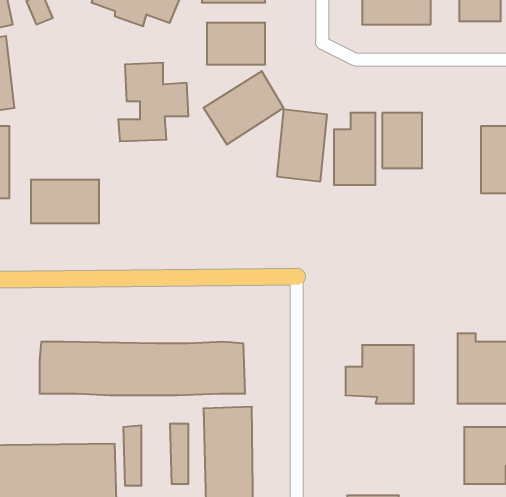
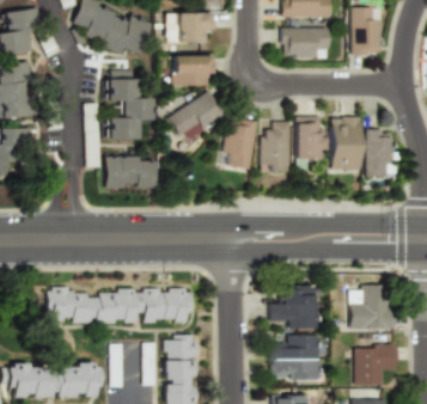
building: none -> [330,116,360,171]
building: [31,180,99,223] -> [106,166,155,197]
building: none -> [269,335,321,380]

